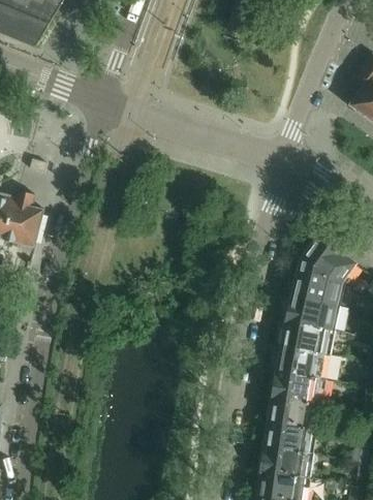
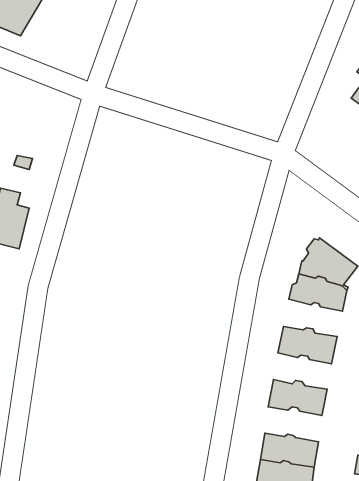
building: [284,295,340,331] -> none
building: [275,346,330,380] -> none
building: [267,397,320,430] -> none

